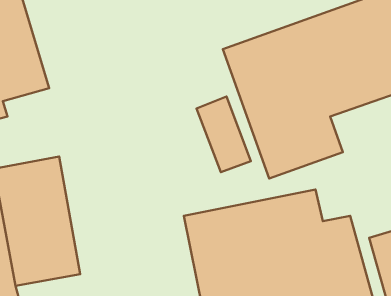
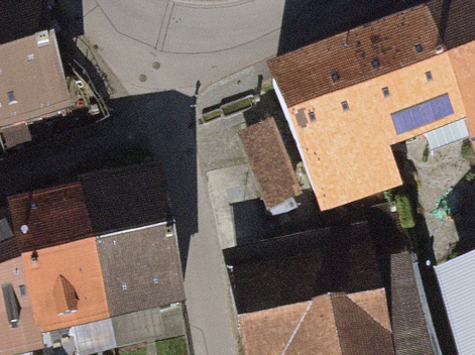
building: none -> [88,166,190,318]

